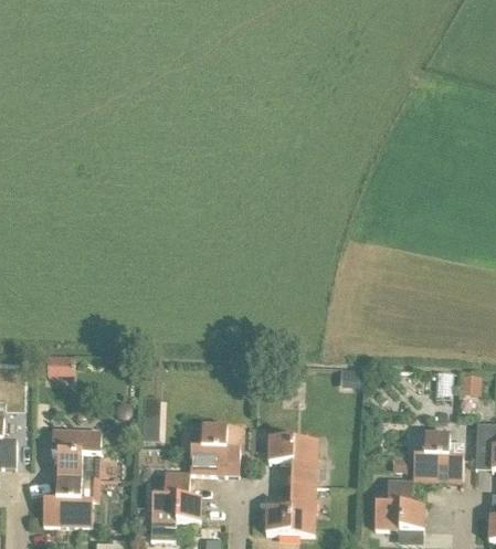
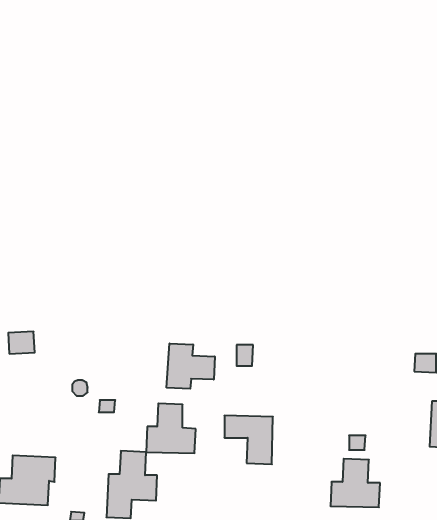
building: none -> [167,343,215,389]
building: [51,429,101,478] -> none
building: [413,432,463,482] -> none
building: [265,484,316,534] -> none

